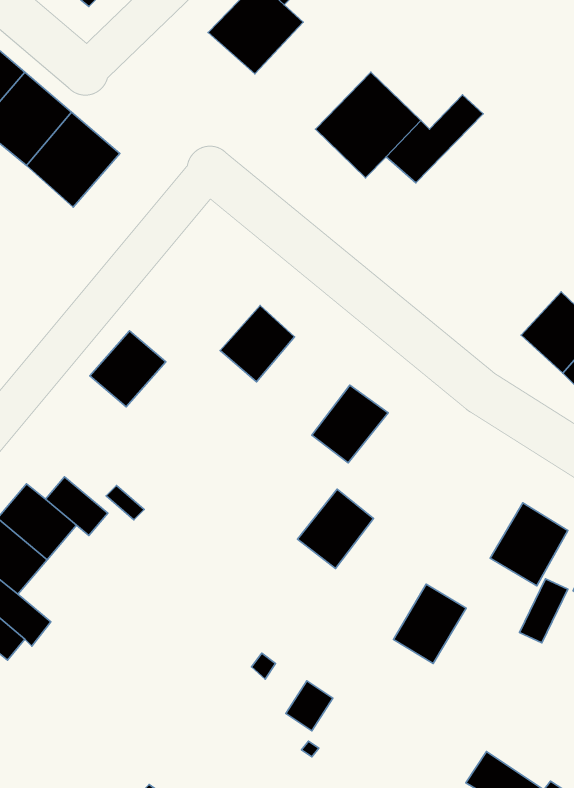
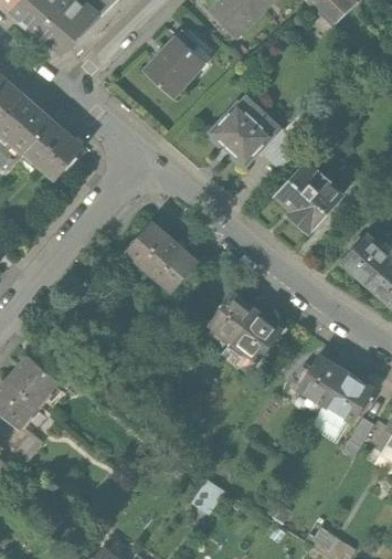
building: none -> [272,158,340,230]
building: [90,331,166,407] -> [125,223,173,272]
building: [297,489,374,569] -> [230,312,278,362]
building: [393,584,466,664] -> [295,354,341,404]

